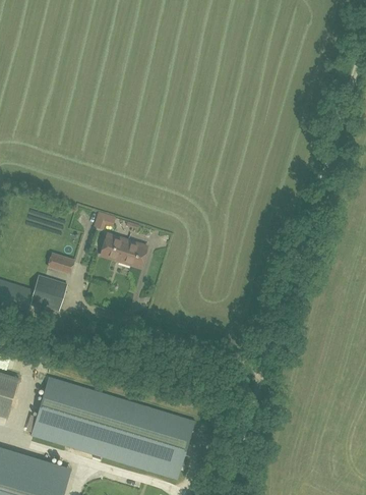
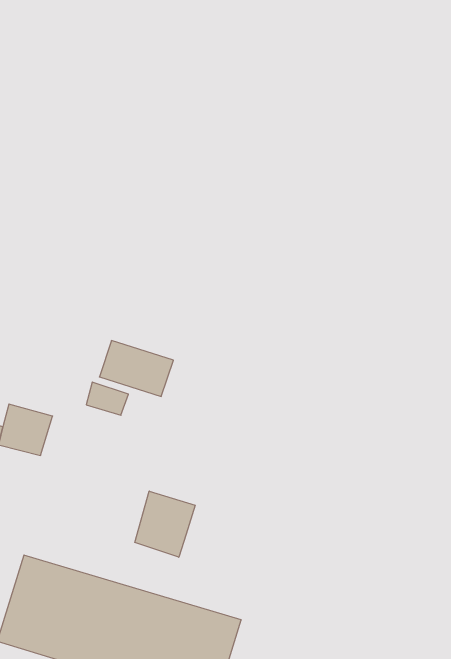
building: [48,253,76,275] -> [86,382,128,415]
building: none -> [135,491,195,557]

